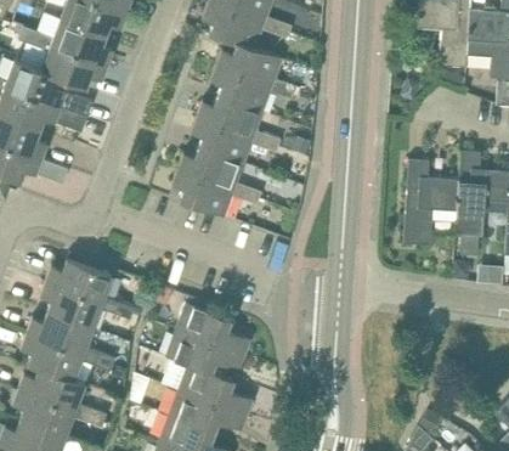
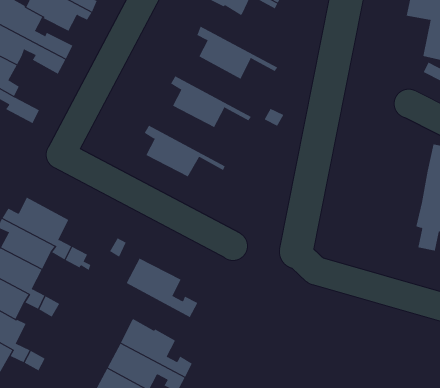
building: [215,43,300,96] -> none
building: [197,96,281,148] -> none
building: [177,148,262,201] -> none
building: [403,159,458,246] -> none
building: [165,329,244,372] -> none

